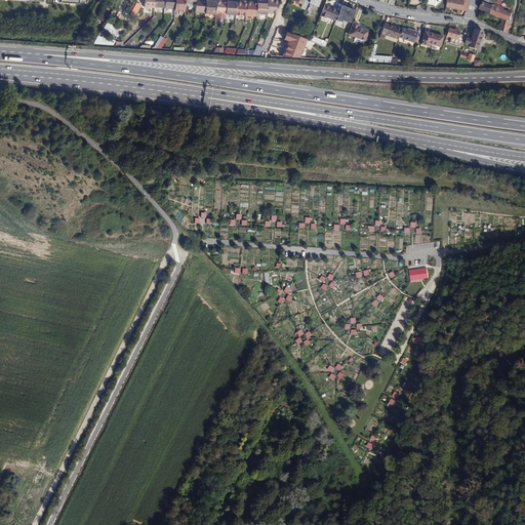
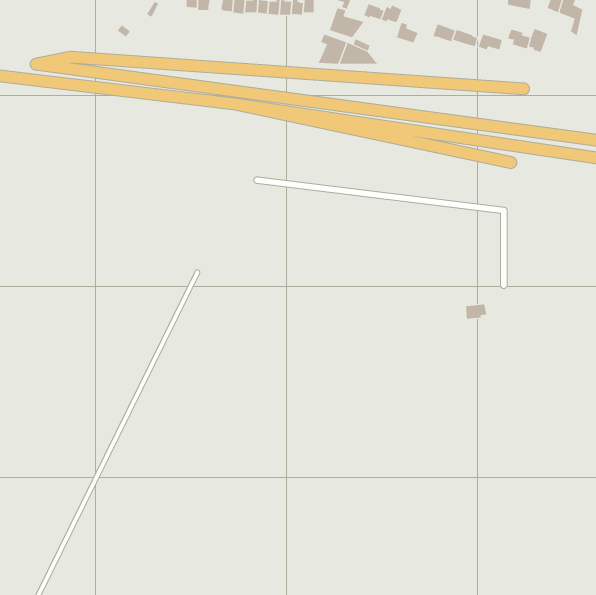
building: none -> [329,7,364,38]

